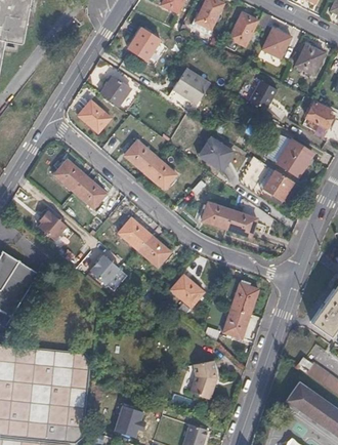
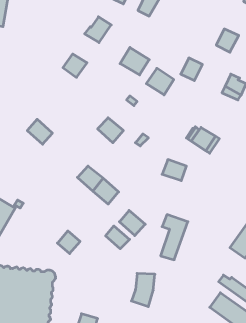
building: [228,12,256,45] -> none
building: [260,28,289,58] -> none
building: [77,99,110,131] -> none
building: [197,135,231,169] -> [146,68,174,95]
building: [277,138,311,175] -> none
building: [124,139,157,171] -> none
building: [74,176,107,208] -> none
building: [201,202,233,229] -> none
building: [38,210,67,240] -> none
building: [90,255,119,284] -> [57,231,80,254]
building: none -> [106,226,130,249]

